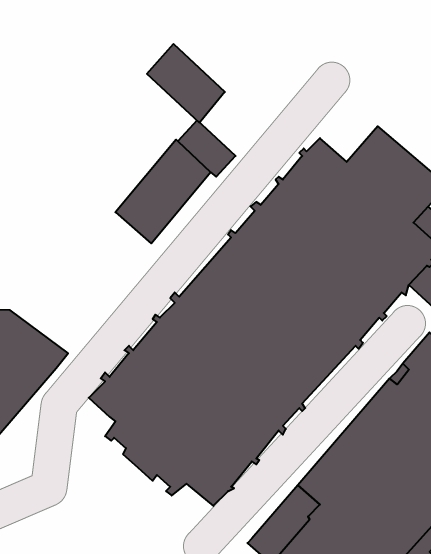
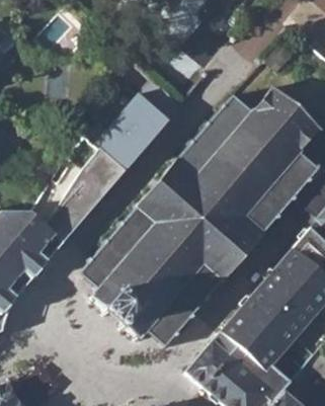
building: [147,44,225,123] -> none
building: none -> [24,135,125,242]

